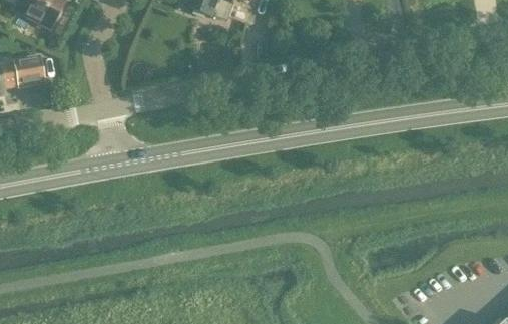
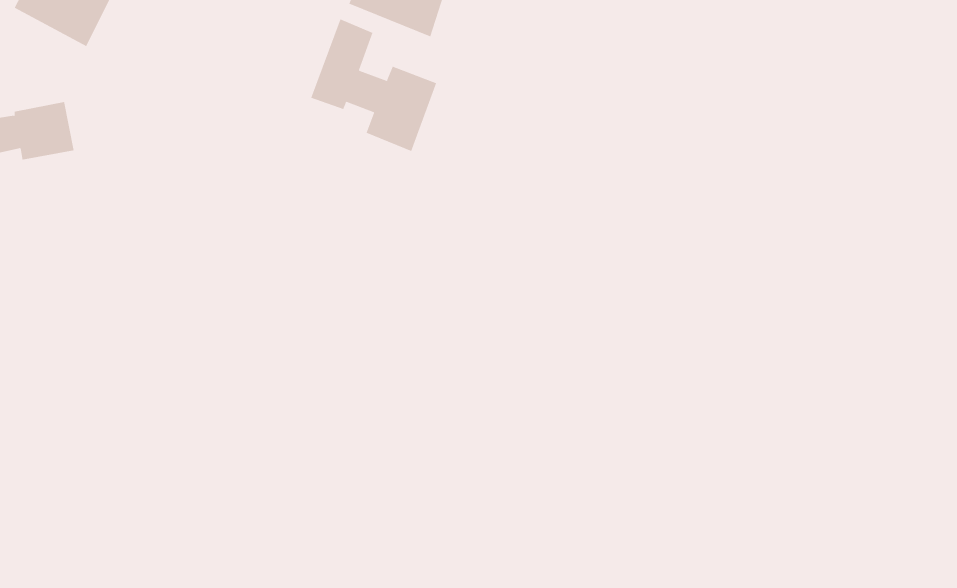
building: none -> [311,19,437,152]

